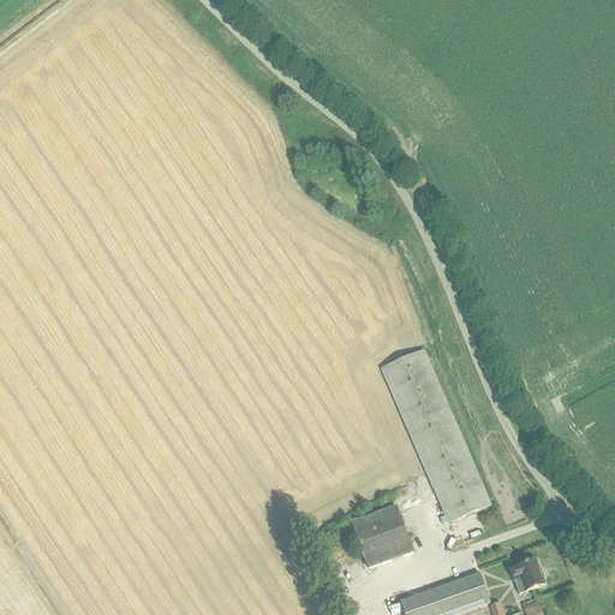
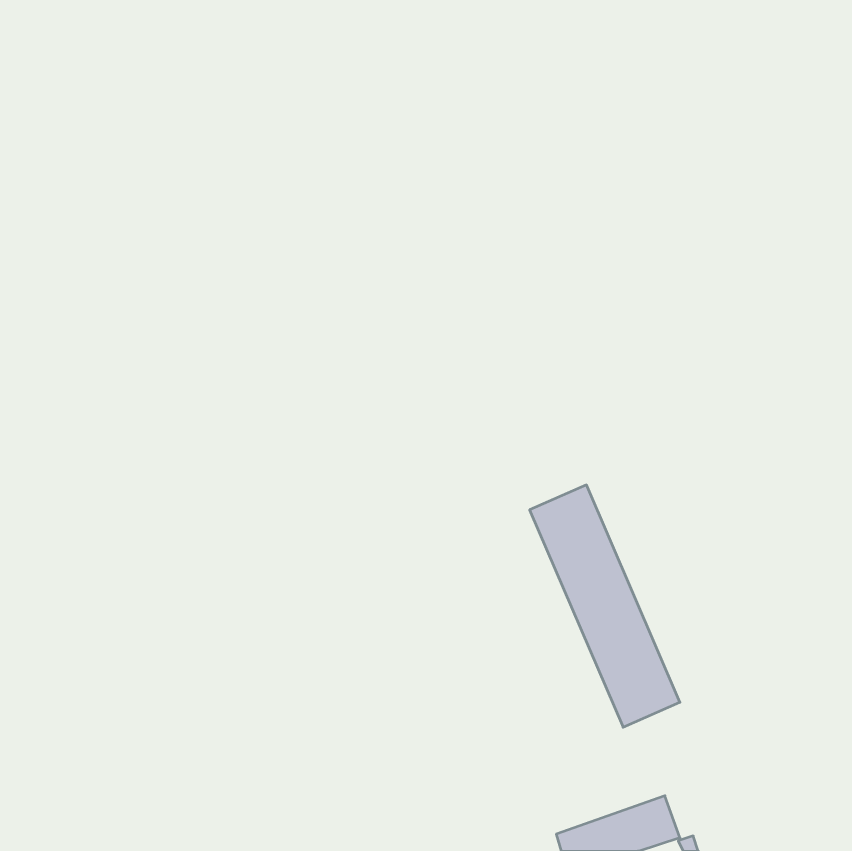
building: [351,506,412,568] -> none
building: [509,559,544,593] -> none

